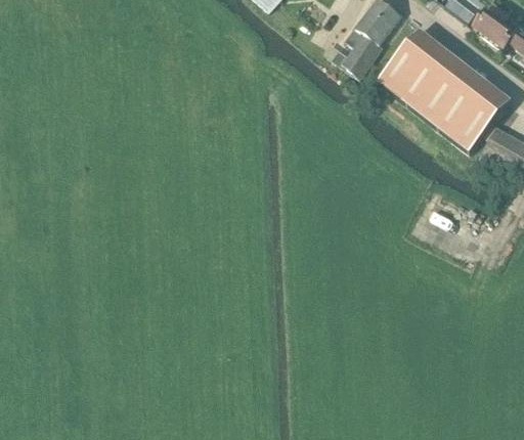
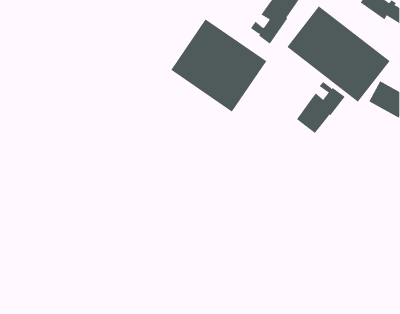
building: none -> [170,19,267,113]
building: none -> [296,81,345,134]

